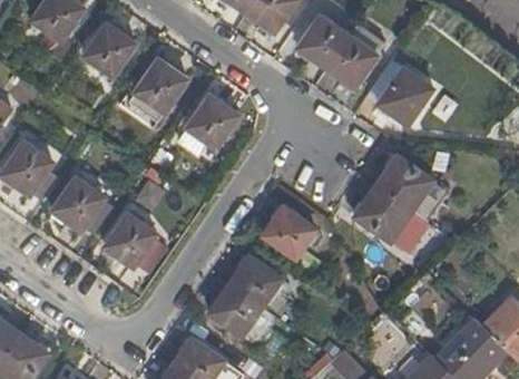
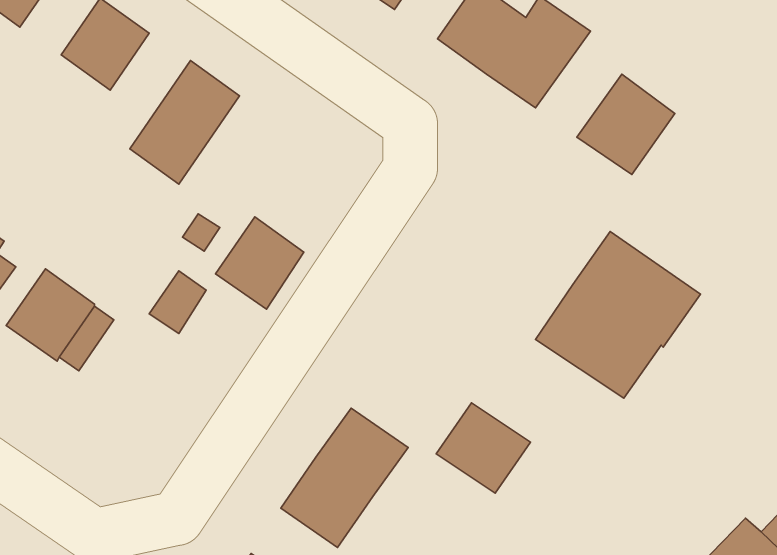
building: [186,96,236,148] -> [216,217,304,309]
building: [262,208,315,260] -> [436,403,530,493]
building: [104,215,155,266] -> none

